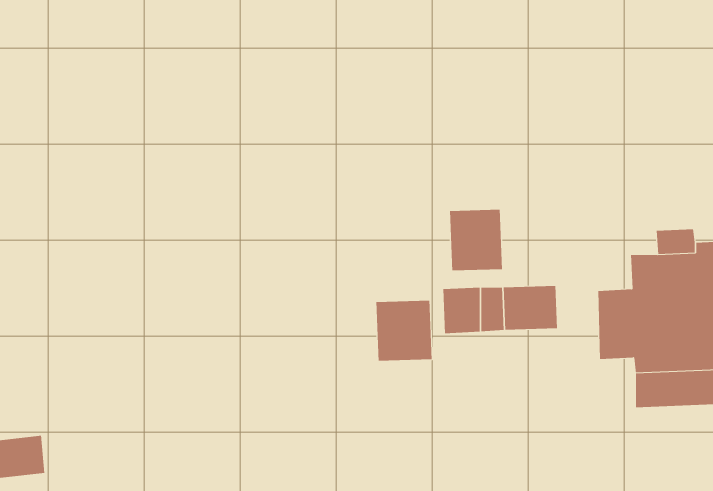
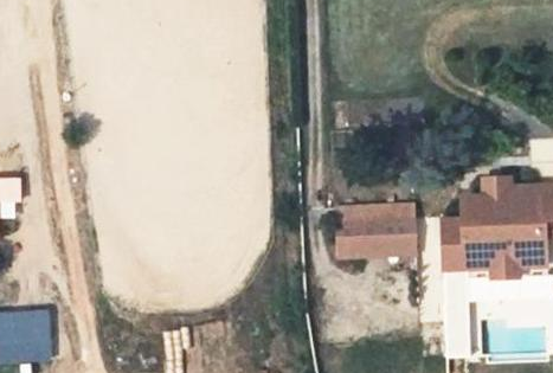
building: [450,209,503,271] -> none
building: [376,300,432,361] -> none

